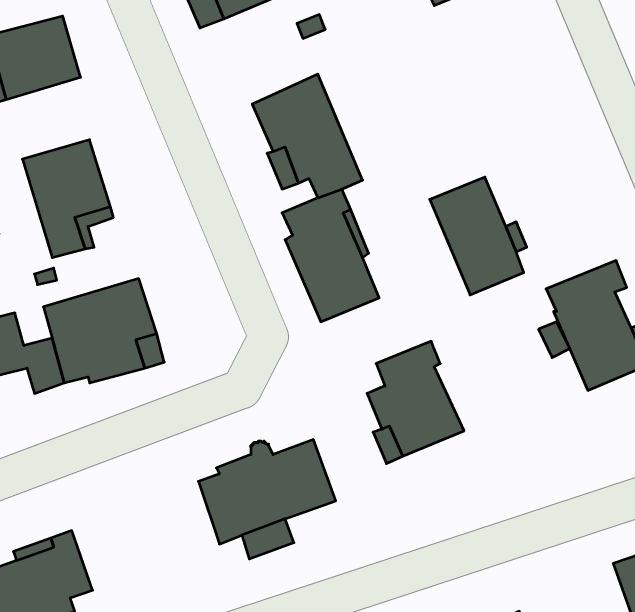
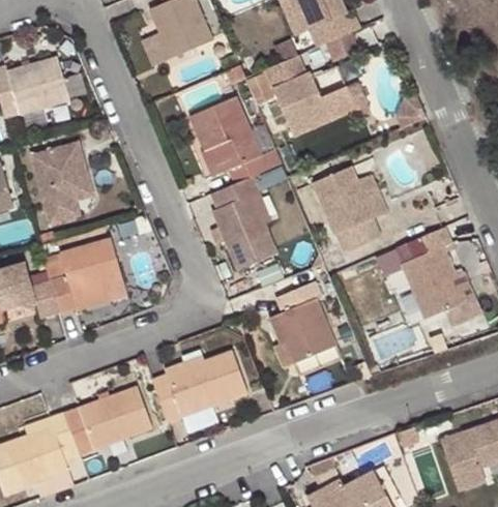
building: none -> [263,56,365,138]
building: none -> [64,385,152,454]

